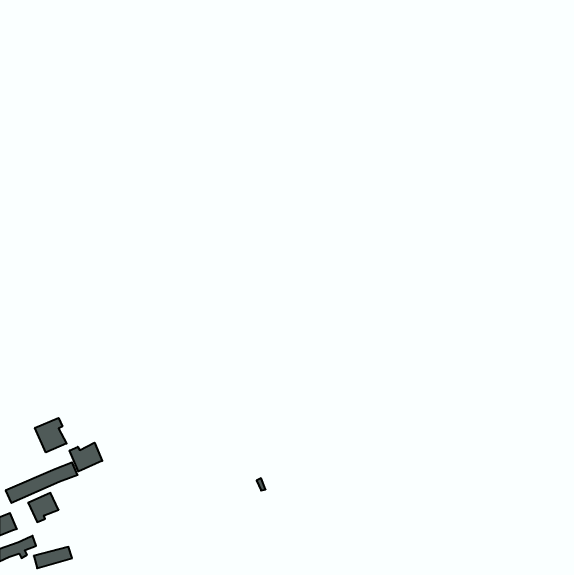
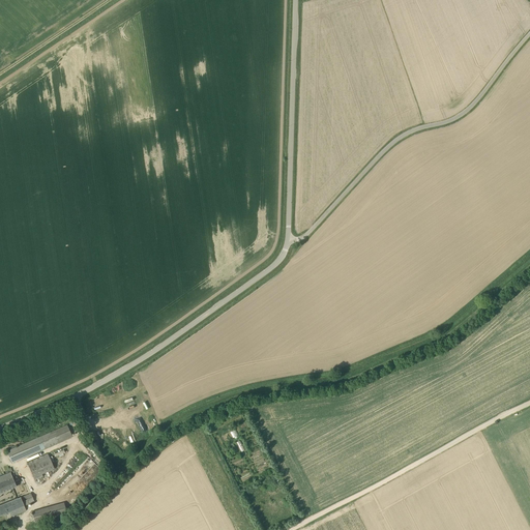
building: [35,418,67,452] -> none
building: [70,443,102,471] -> none

